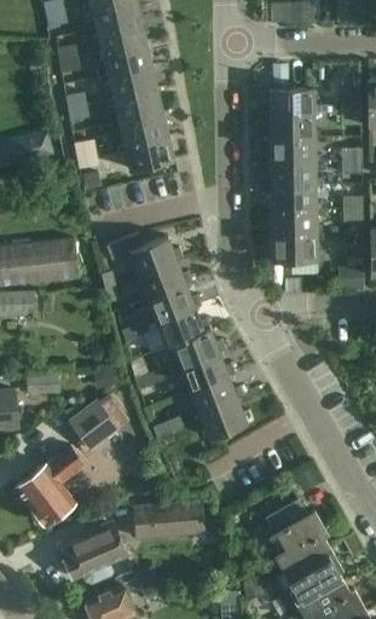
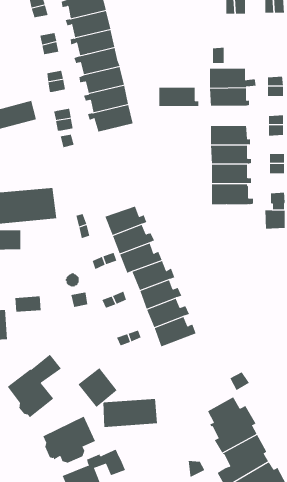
building: [270,138,320,162] -> [159,87,199,107]
building: [108,235,183,276] -> none
building: [69,399,118,450] -> [78,367,117,408]

